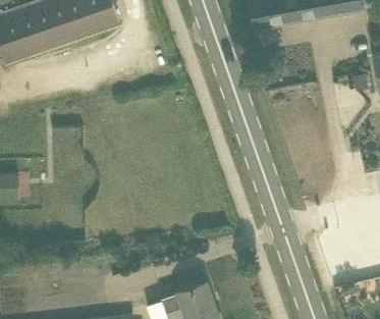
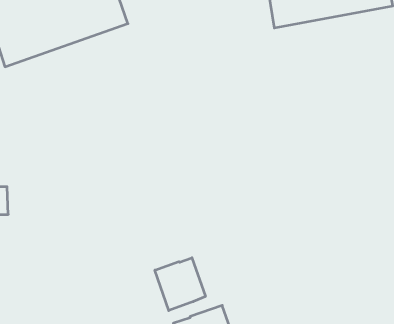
building: none -> [155,258,205,311]

